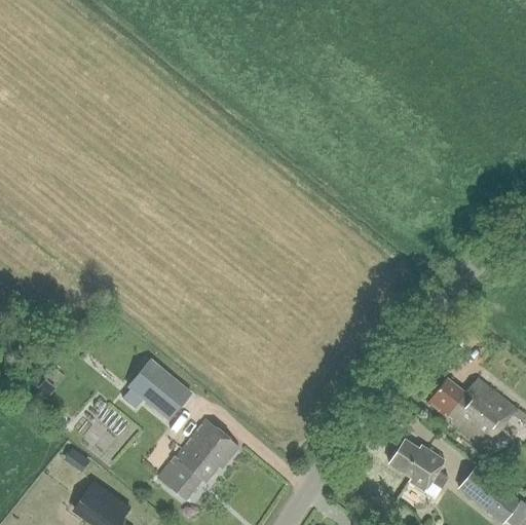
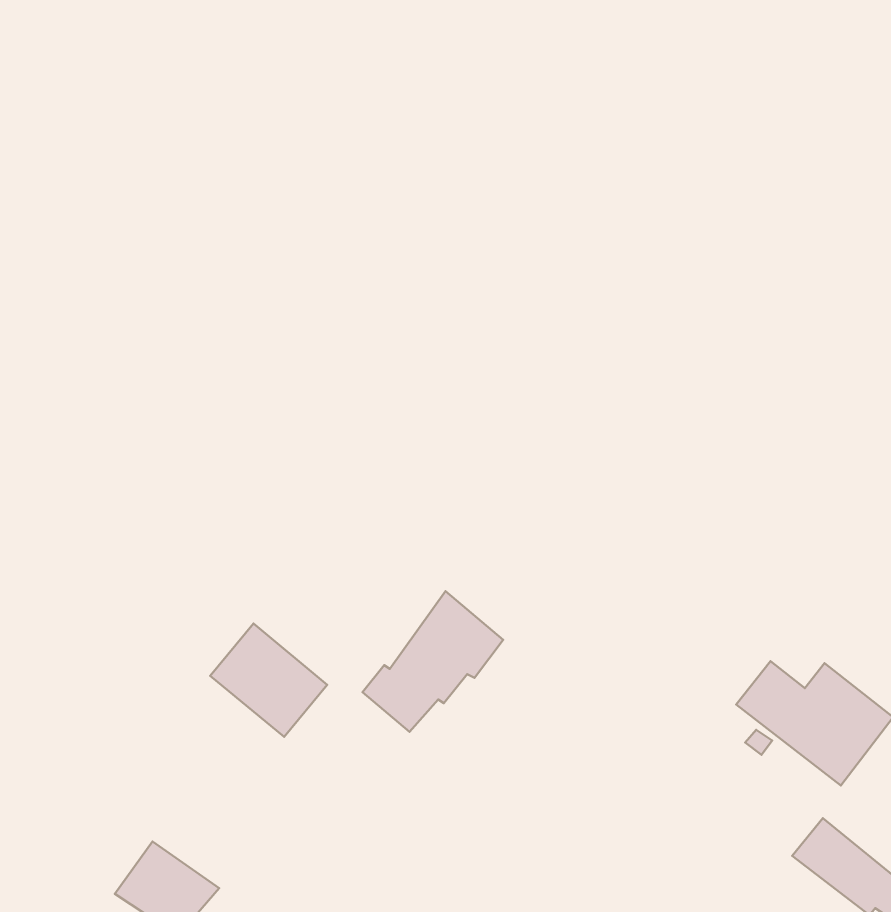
building: [158,419,238,499] -> [363,591,503,732]
building: [389,440,448,492] -> none

